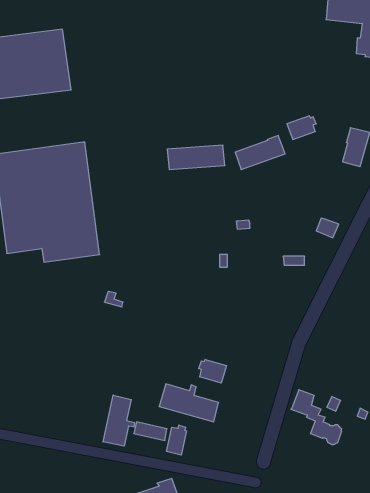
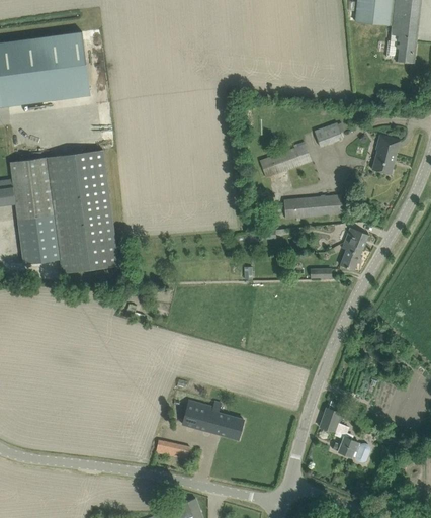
building: [167,145,225,170] -> [283,194,343,220]
building: none -> [340,242,361,271]
building: [199,359,227,383] -> none
building: [103,395,134,446] -> none
building: [167,425,187,455] -> none

